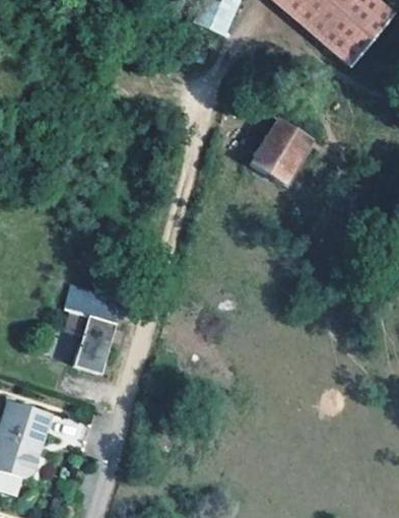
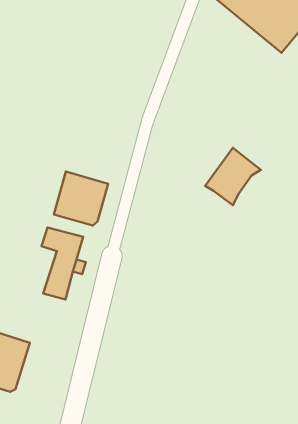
building: [245,115,312,184] -> [205,148,261,205]
building: none -> [54,171,108,226]

